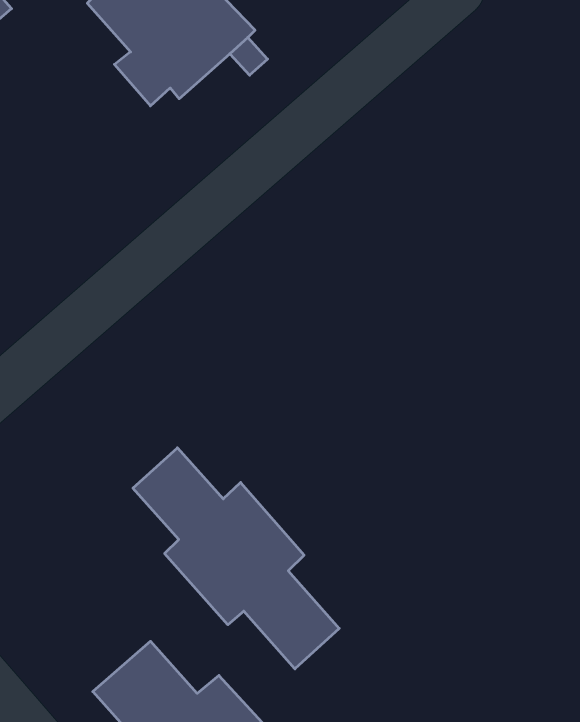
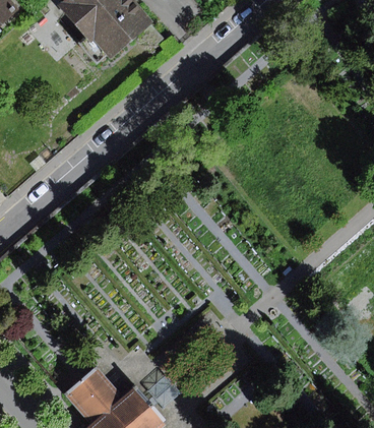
building: [133,448,339,669] -> none

